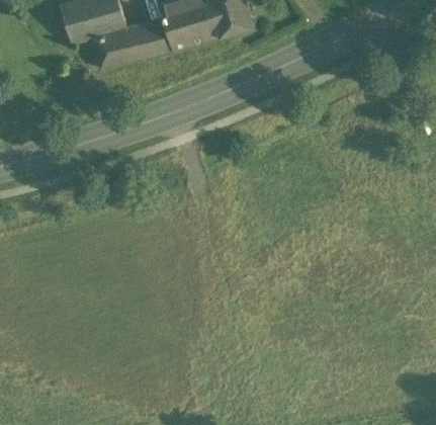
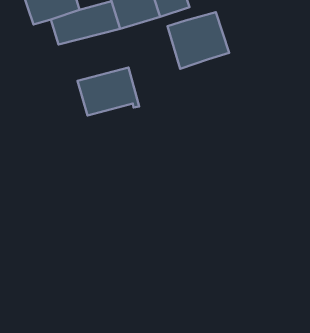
building: none -> [168,12,229,69]
building: none -> [78,67,139,116]

